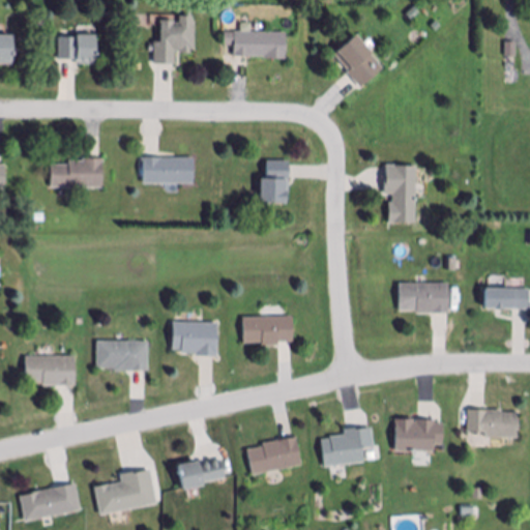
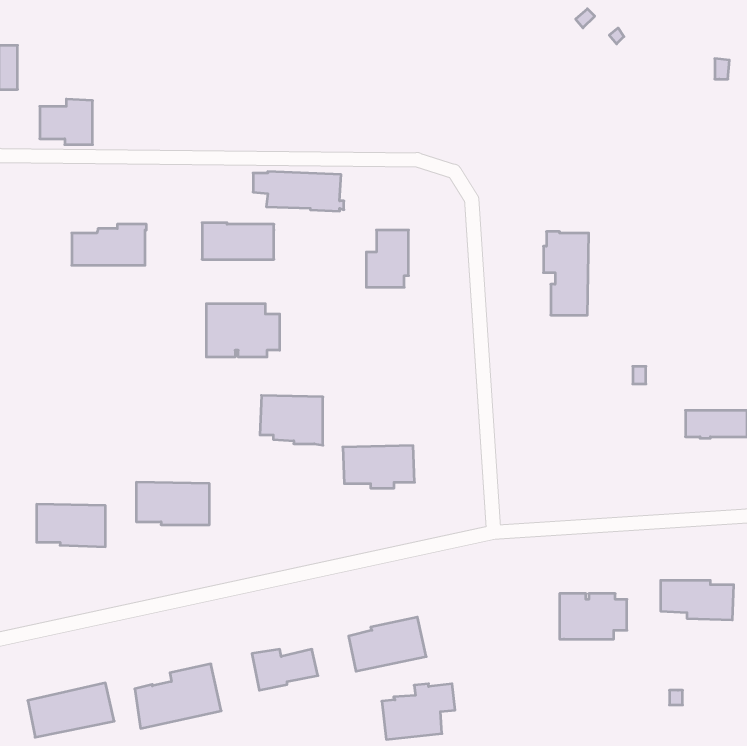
building: [154,14,195,64] -> none
building: [224,31,288,59] -> [253,172,344,211]
building: [58,32,95,64] -> [40,99,93,145]
building: [334,33,384,87] -> none
building: none -> [206,304,280,357]
building: [399,283,448,313] -> none
building: [172,322,216,357] -> [260,395,323,445]
building: [321,428,373,467] -> [382,684,455,739]

